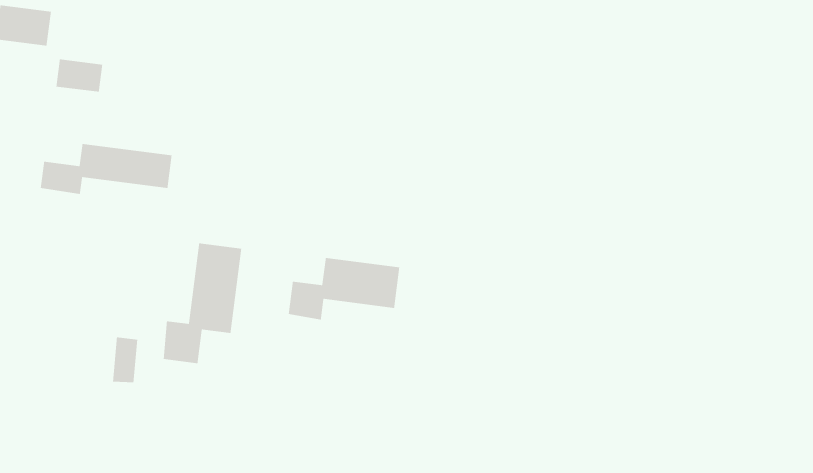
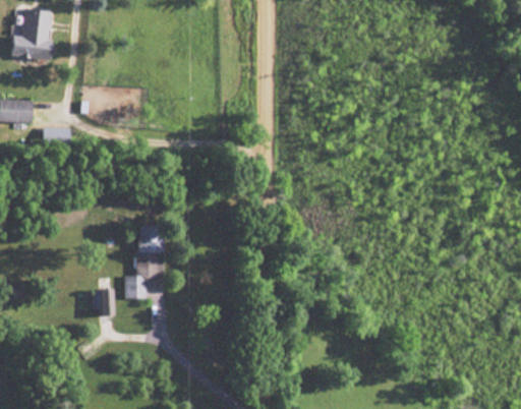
building: [40,143,173,195] -> none
building: [288,257,400,321] -> none

